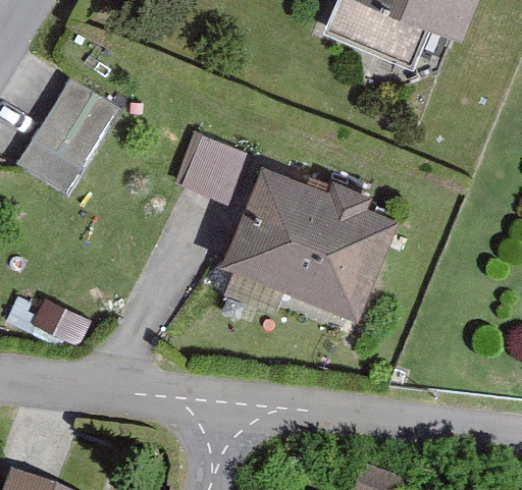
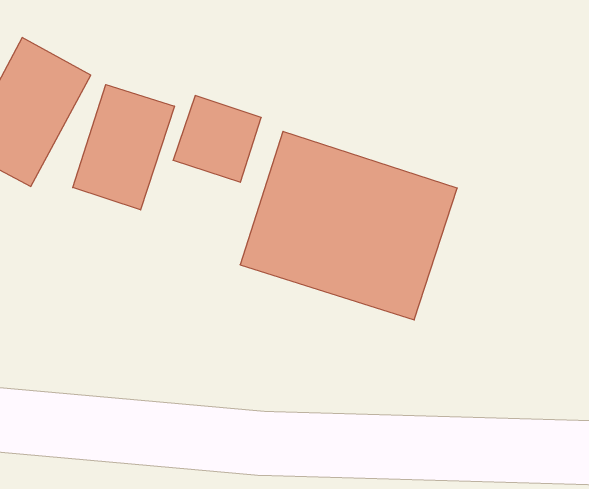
building: none -> [73,85,174,210]

